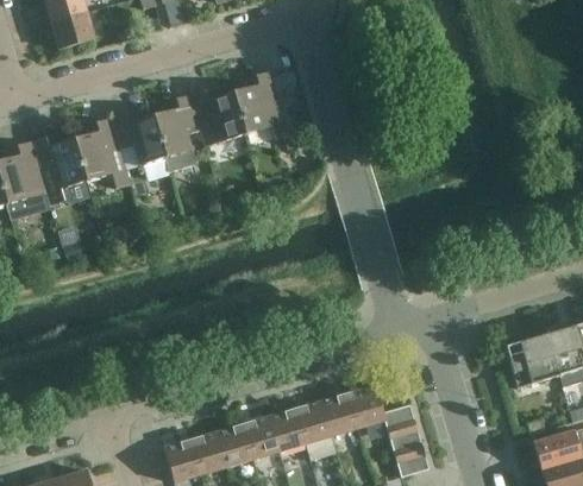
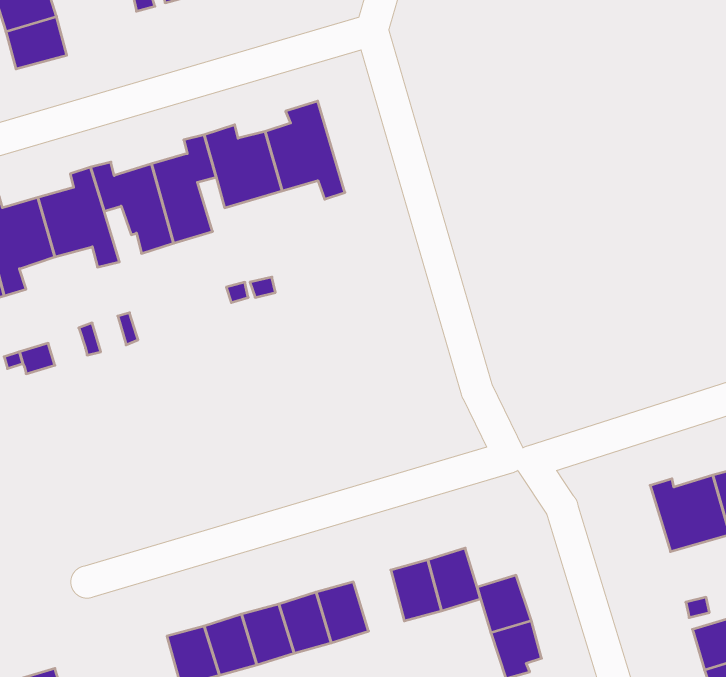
building: [295,400,331,443] -> none

